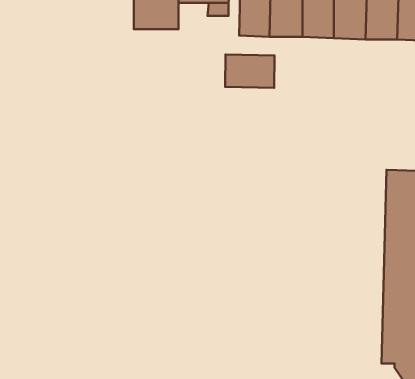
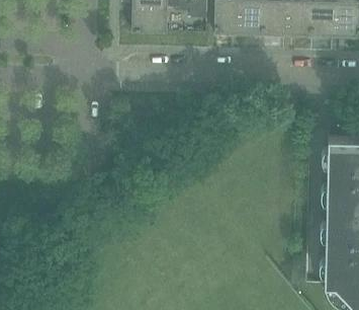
building: [225,54,274,88] -> none

